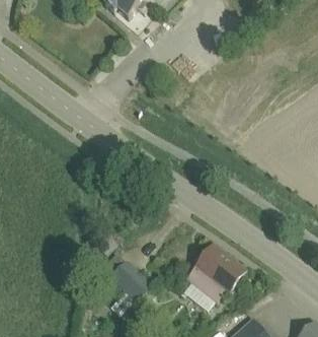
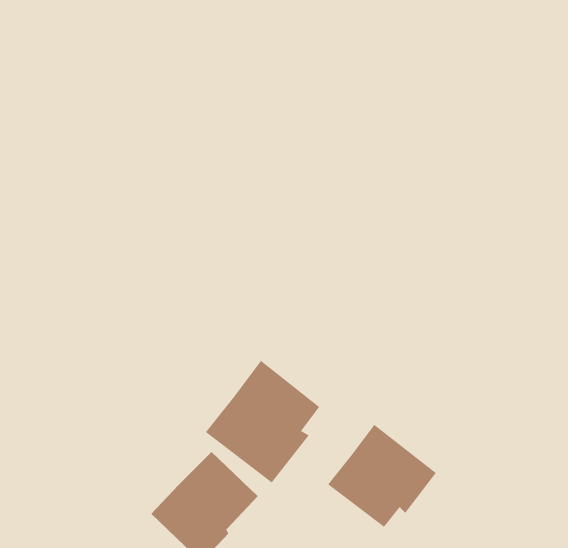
building: none -> [205,360,320,483]

